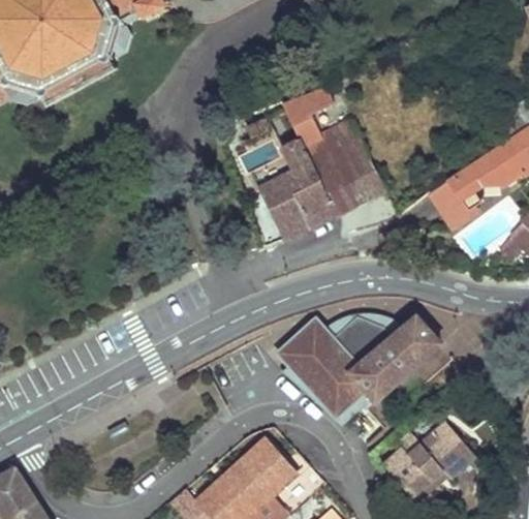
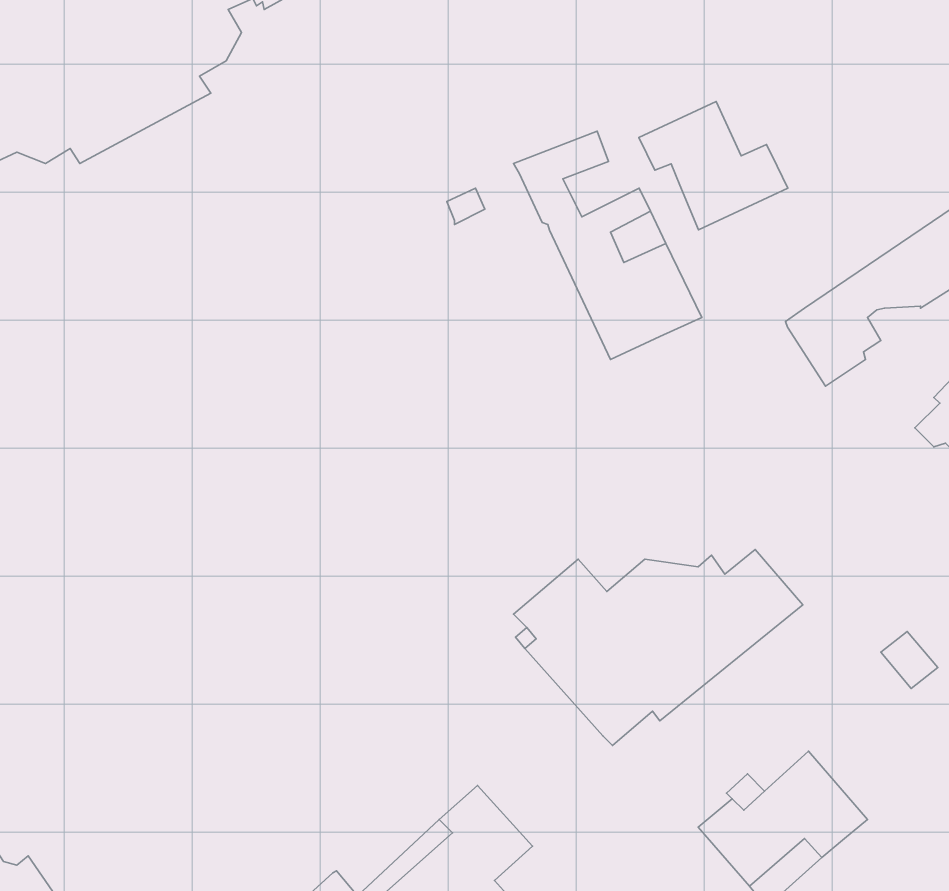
building: none -> [639,102,788,230]
building: [260,140,336,236] -> none

